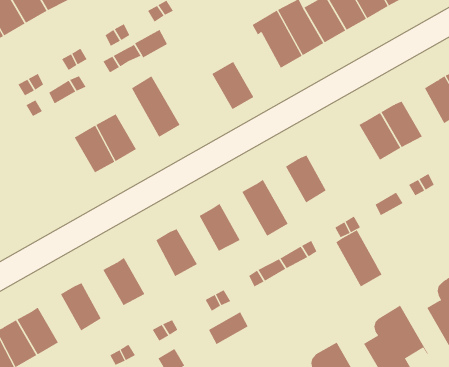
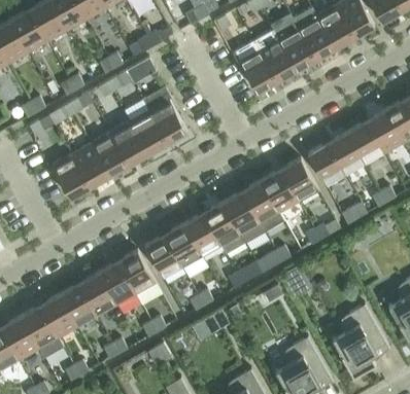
building: [212,61,254,110] -> [148,100,186,143]
building: none -> [366,110,403,153]
building: none -> [109,121,147,165]
building: none -> [307,143,345,186]
building: none -> [52,154,90,198]
building: none -> [280,158,318,202]
building: none -> [202,203,244,253]
building: none -> [164,224,201,267]
building: [335,230,382,287] -> [241,180,283,231]
building: none -> [116,250,155,294]
building: none -> [78,273,115,316]
building: none -> [39,294,77,337]

